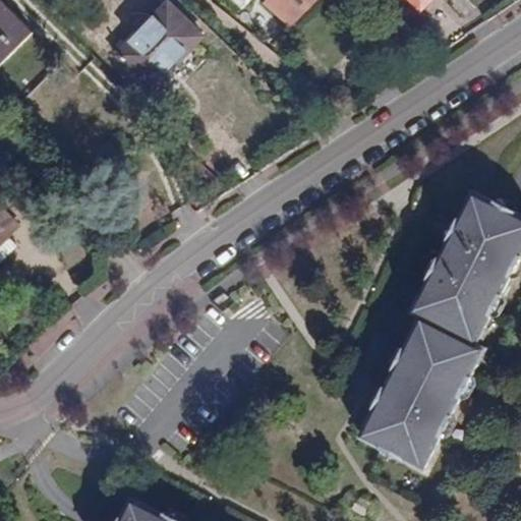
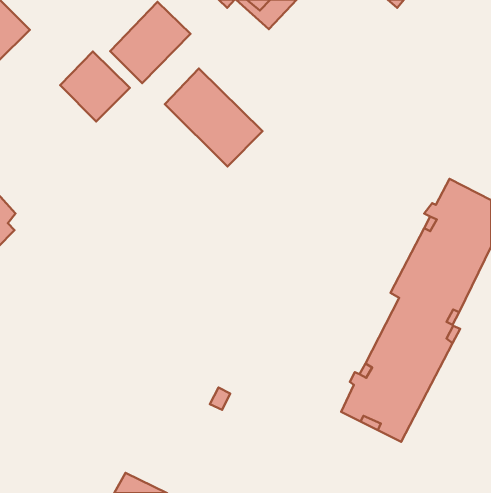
building: none -> [60,51,130,122]
building: none -> [165,69,263,167]

